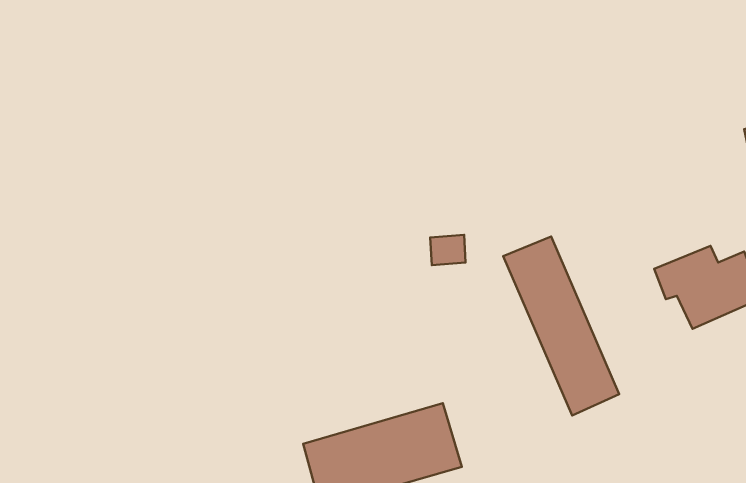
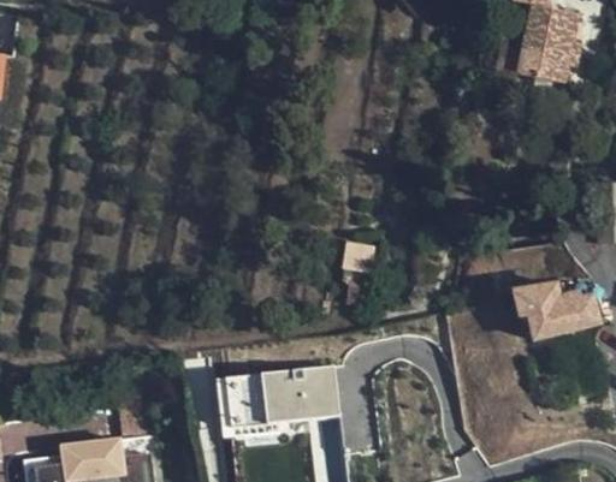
building: [503,237,619,416] -> none

